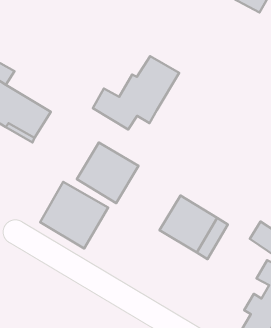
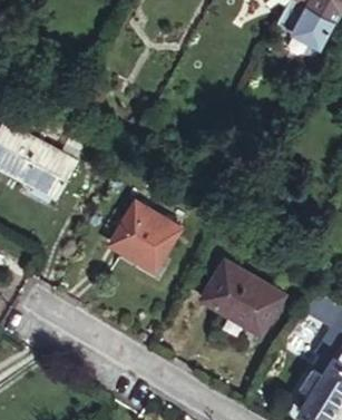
building: [93,56,179,129] -> none
building: [40,182,108,248] -> none

